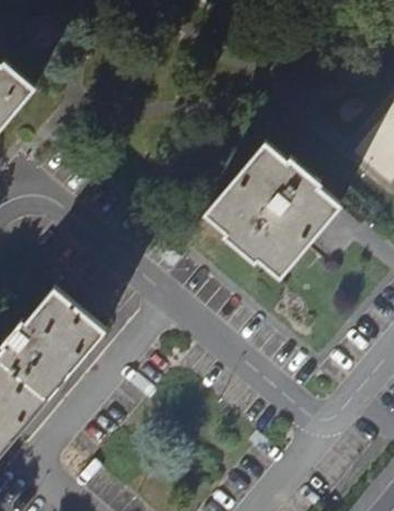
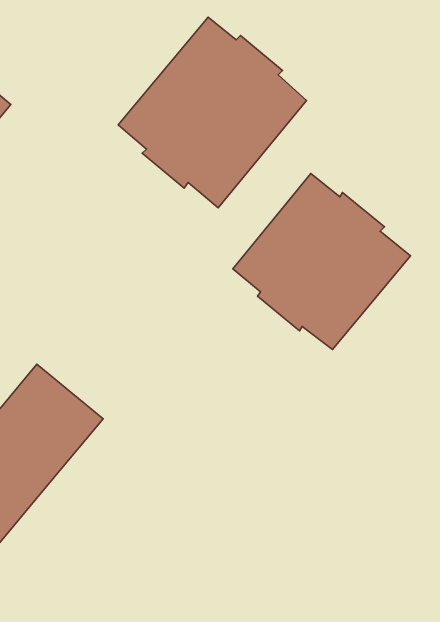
building: none -> [118,17,307,208]

